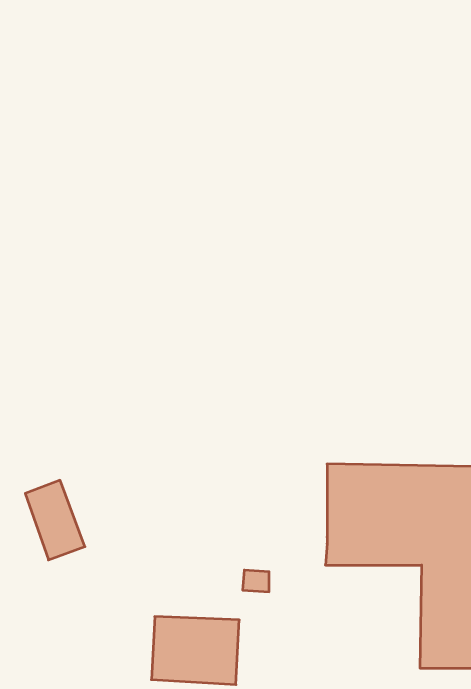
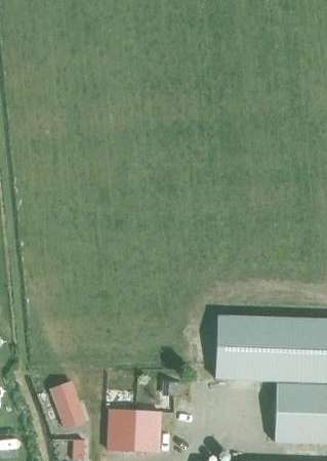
building: [25,480,85,560] -> [50,381,87,430]

